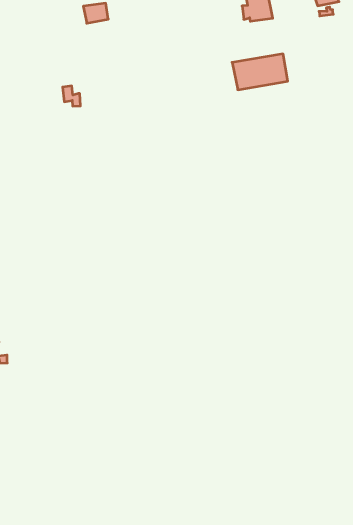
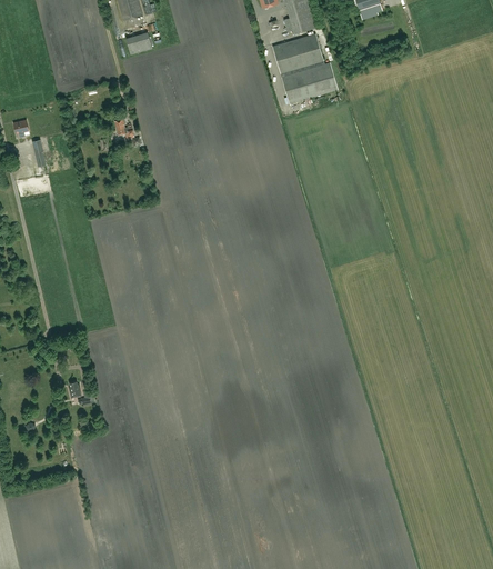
building: none -> [271,33,323,73]

